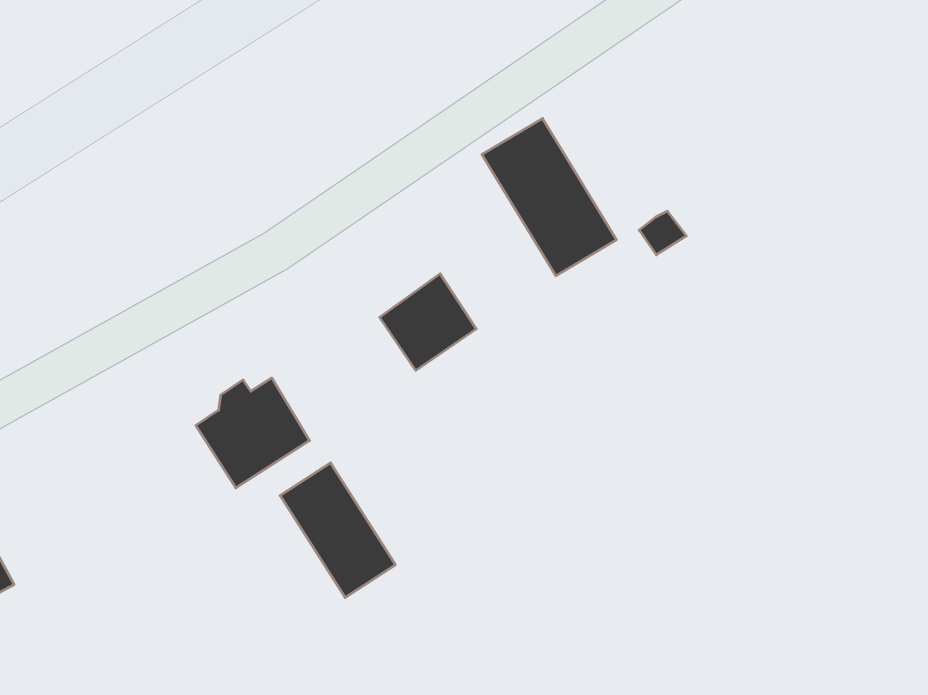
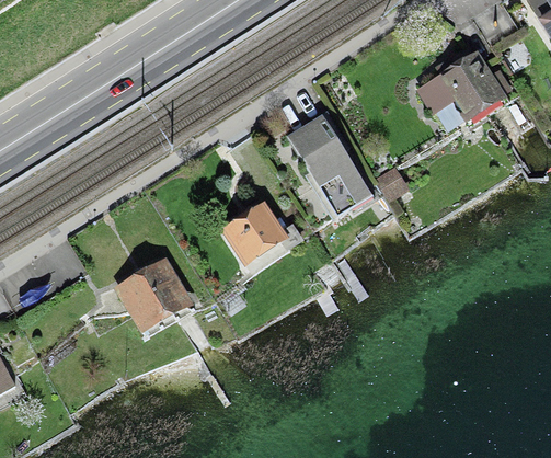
building: none -> [420,54,505,115]
building: [280,463,395,598] -> none

